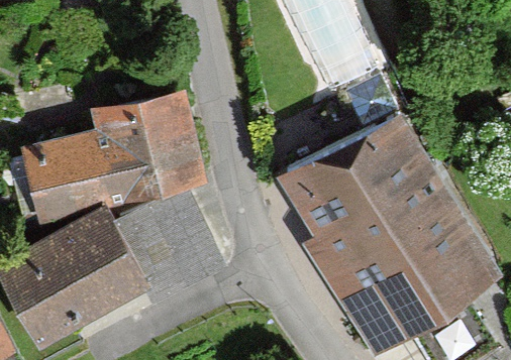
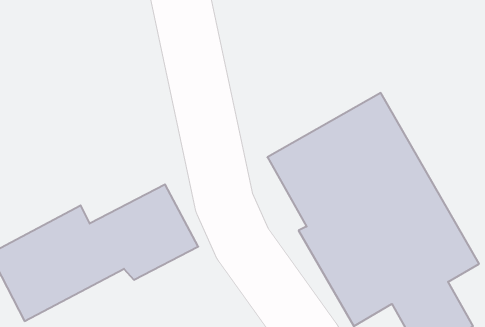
building: [24,99,197,221] -> none

